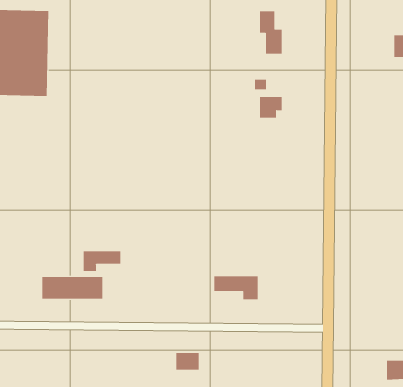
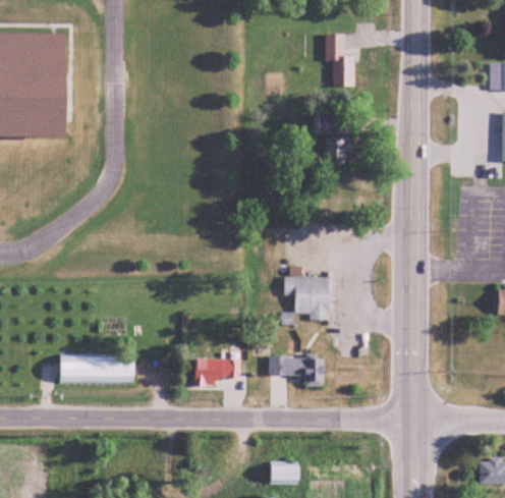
building: none -> [283,276,329,319]
building: [83,251,121,272] -> none
building: none -> [195,358,229,384]
building: [175,353,200,370] -> [270,461,299,483]

